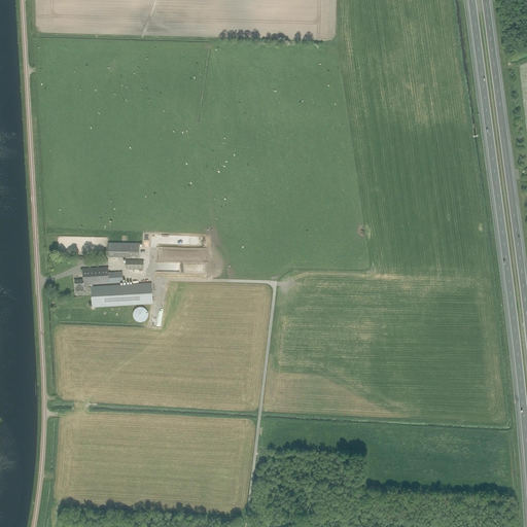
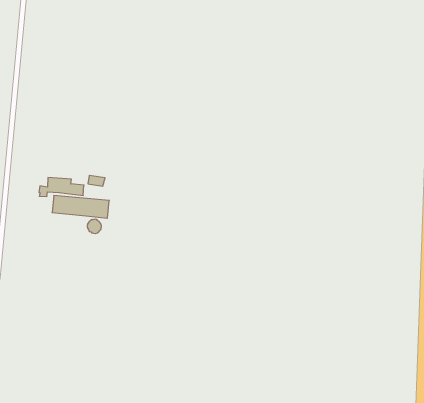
building: [107,241,139,256] -> none

